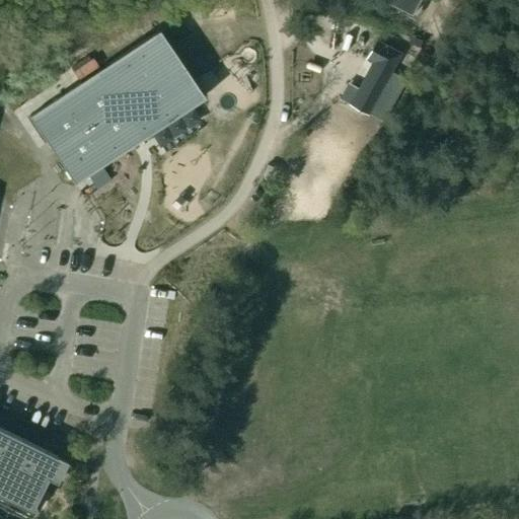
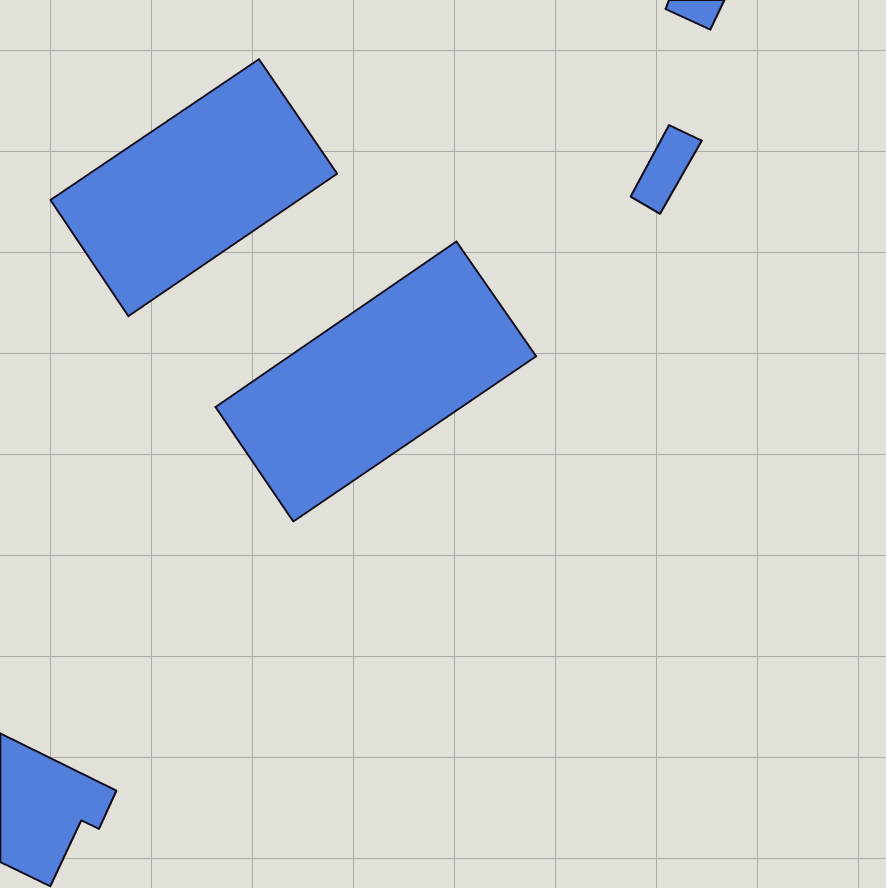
building: [342,41,402,115] -> none
building: none -> [215,241,536,521]

